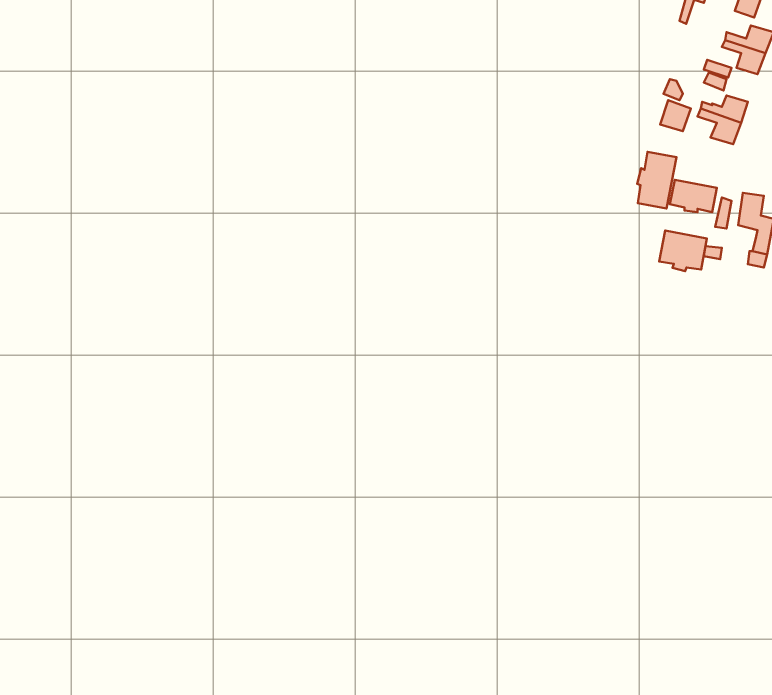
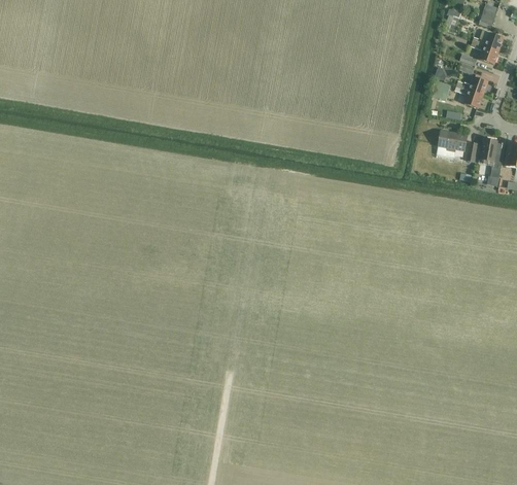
building: [637,152,676,209] -> none
building: [659,231,707,271] -> none

